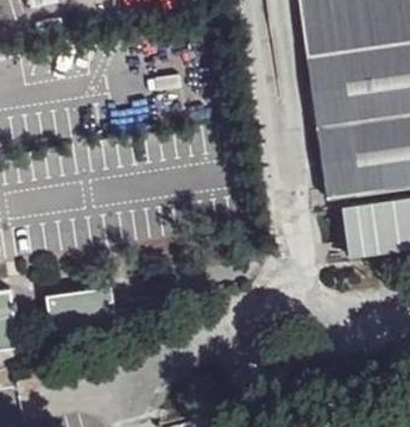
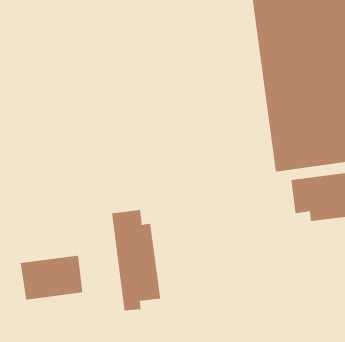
building: none -> [112,209,161,311]

